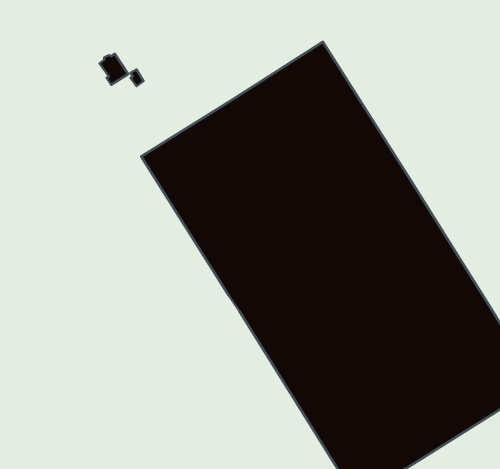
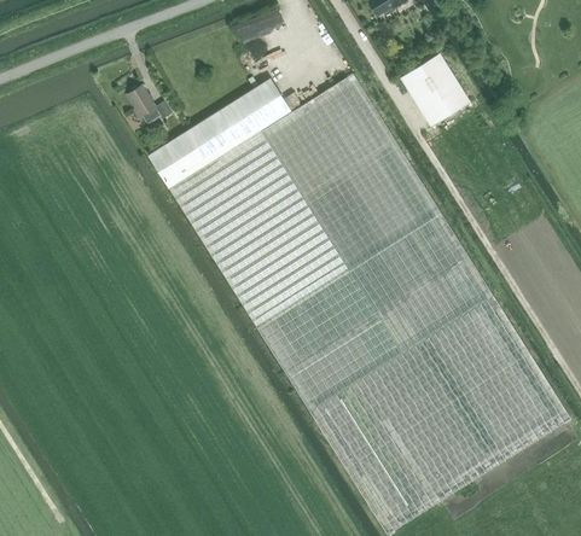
building: none -> [399,52,467,126]
building: none -> [147,76,290,187]

